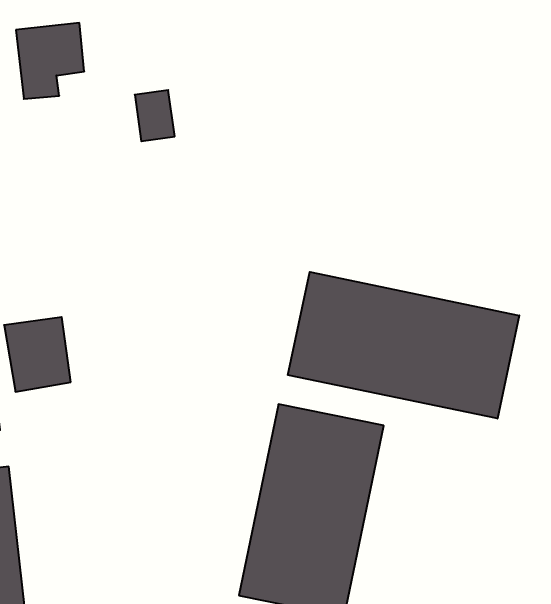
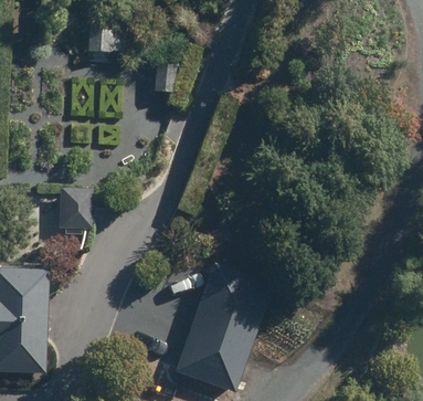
building: [288,272,519,419] -> none

